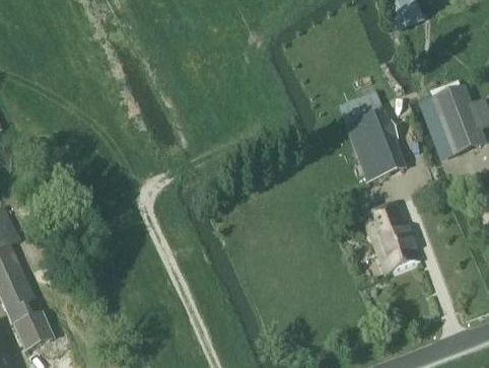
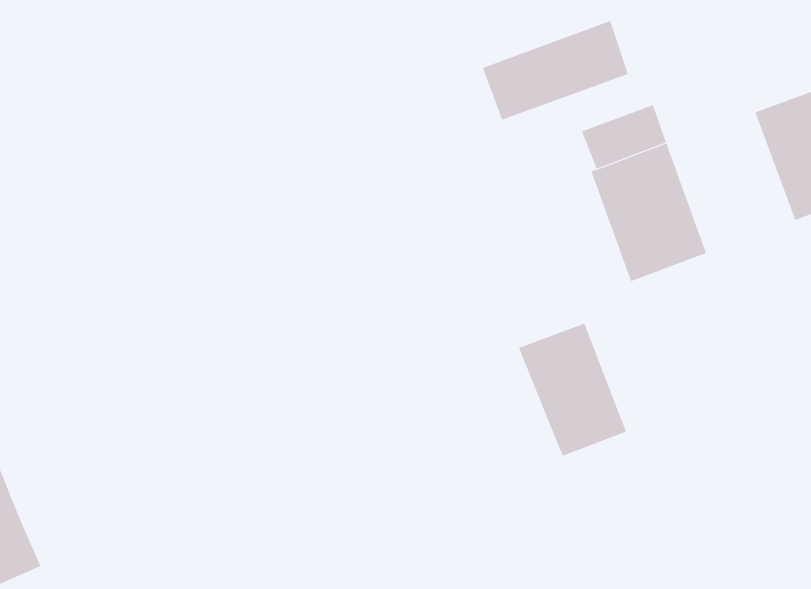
building: none -> [482,20,629,121]
building: [361,200,419,271] -> [518,323,627,457]

